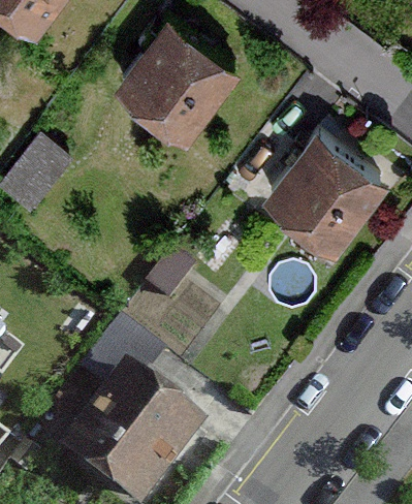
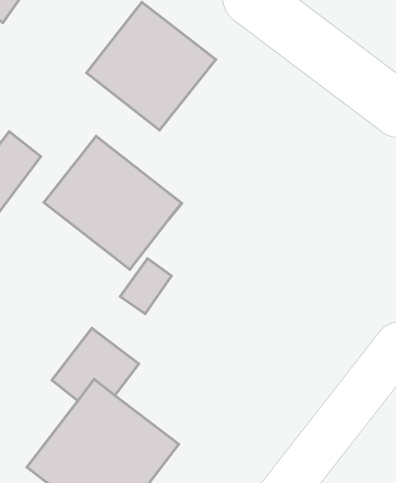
building: [263,127,384,247] -> none
building: none -> [44,136,182,270]

